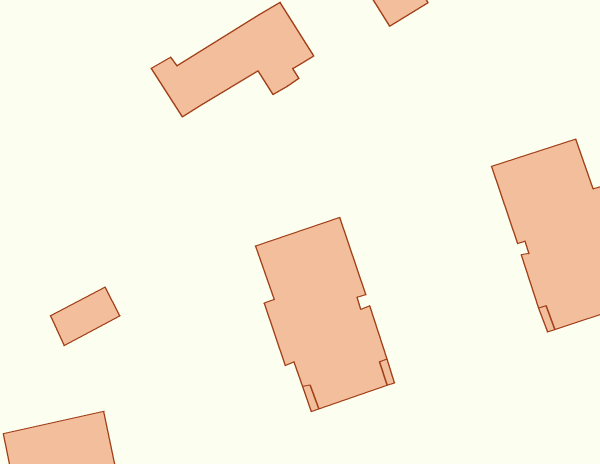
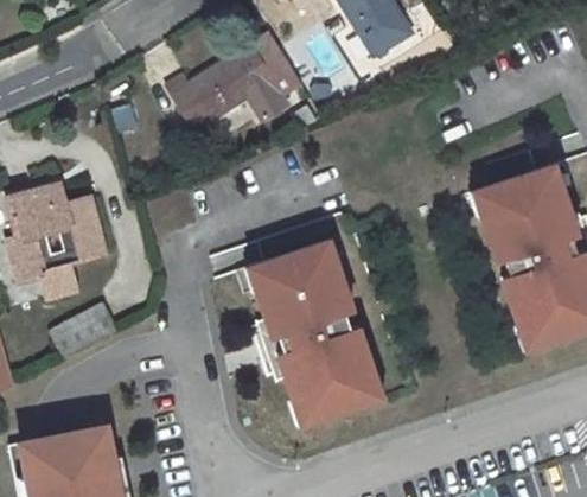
building: none -> [12,185,104,298]

